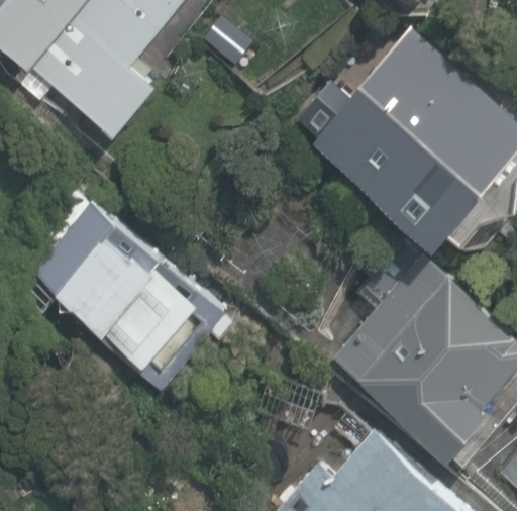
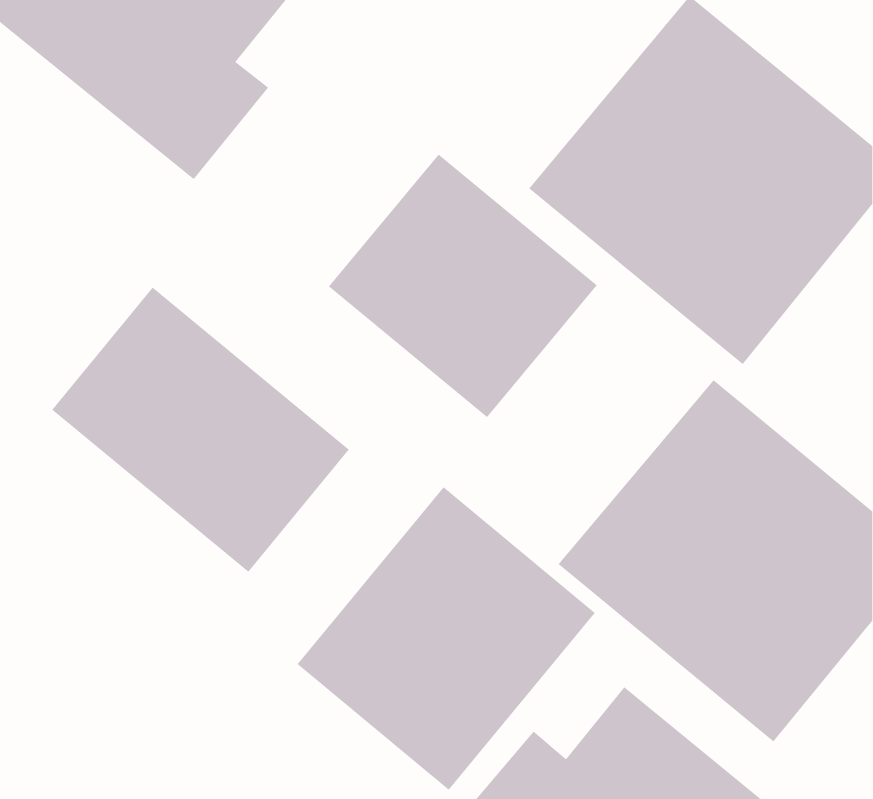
building: none -> [328,153,598,418]
building: none -> [297,486,596,791]

